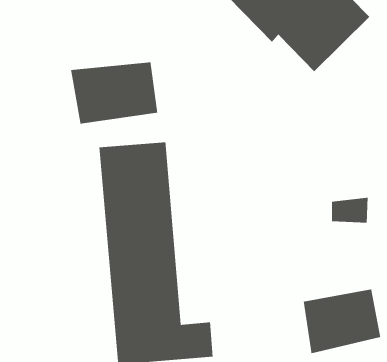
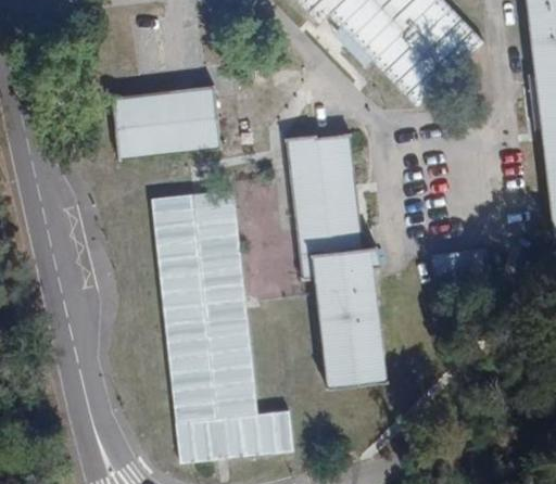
building: none -> [292,138,390,378]
building: [303,288,381,354] -> none

